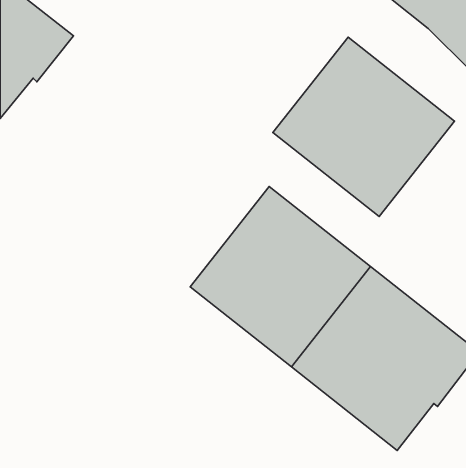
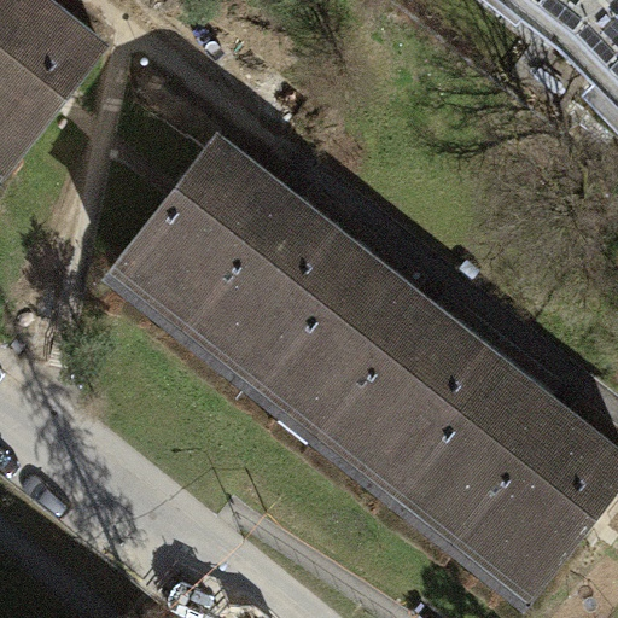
building: [273,37,455,216] -> none
building: none -> [118,134,358,377]

